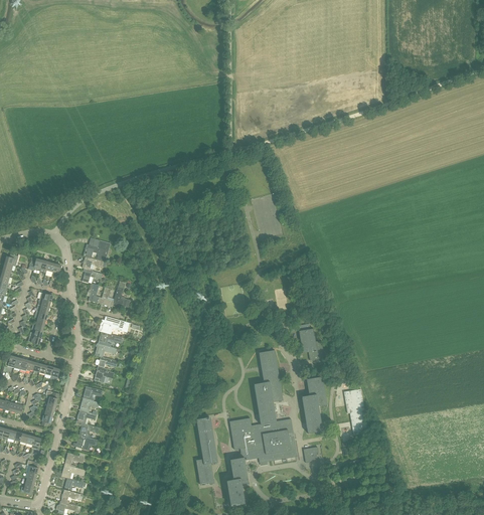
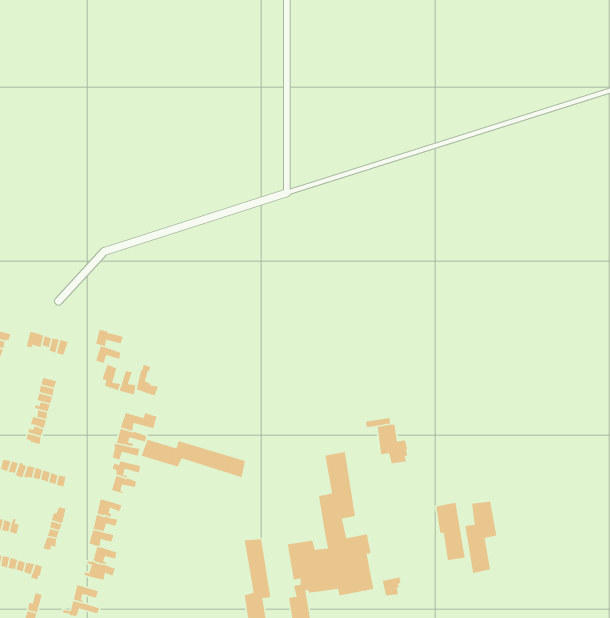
building: [84,236,111,261] -> none
building: none -> [141,439,246,478]
building: [302,376,327,433] -> [465,501,497,574]

